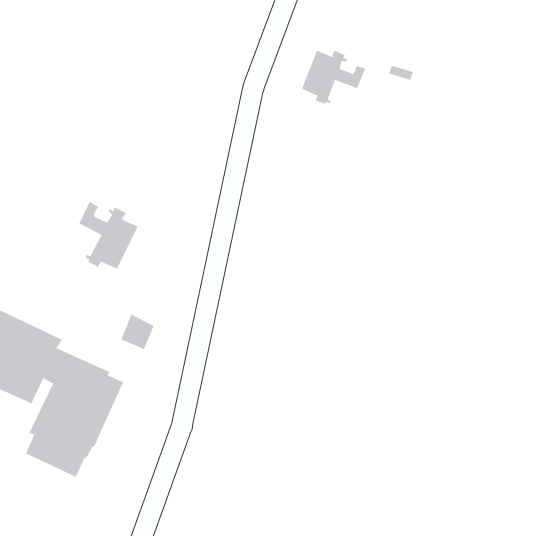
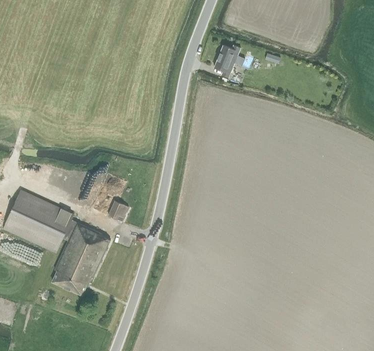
building: [79,201,139,270] -> none

